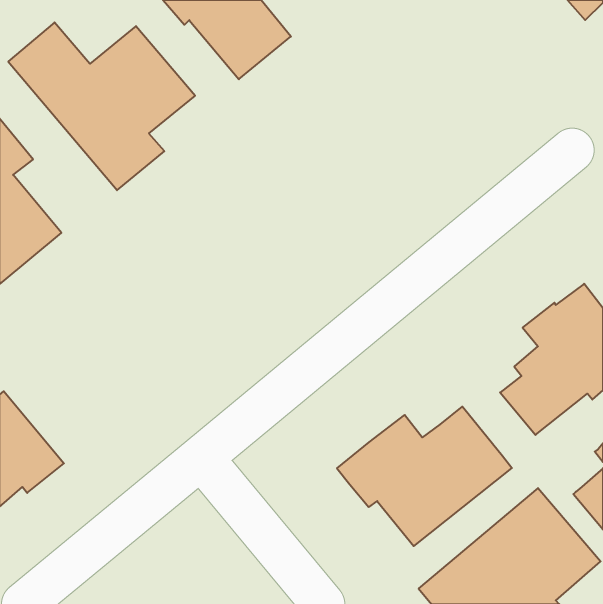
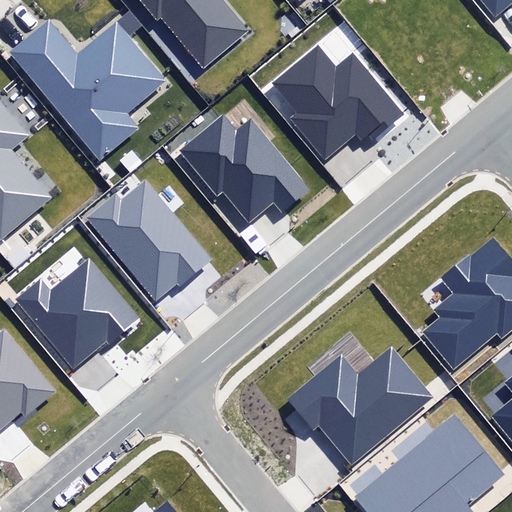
building: none -> [272,45,404,160]
building: none -> [179,116,308,222]
building: none -> [85,178,211,299]
building: none -> [14,258,140,368]

